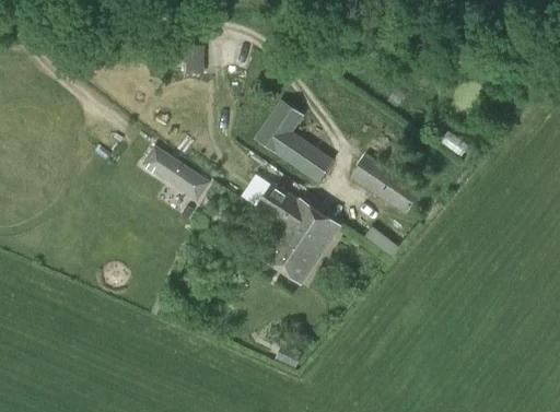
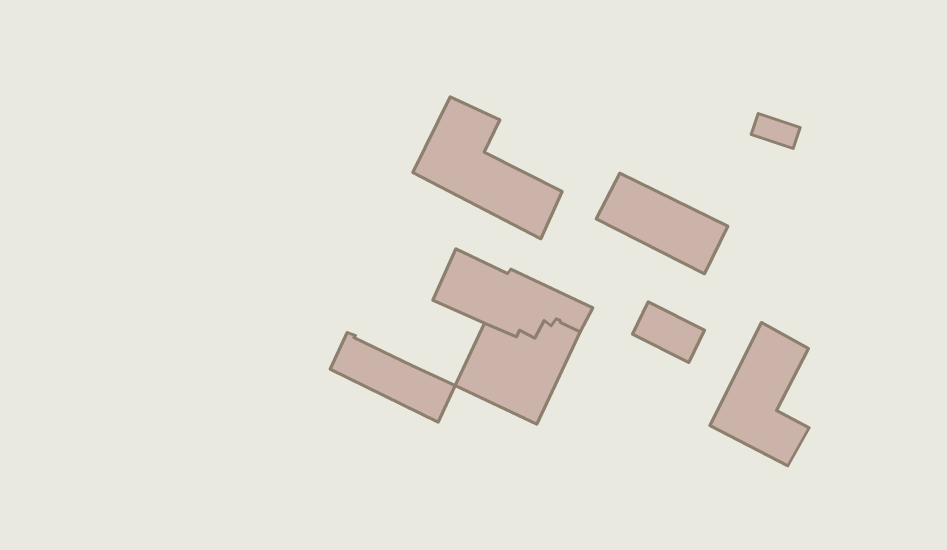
building: [184,45,207,73] -> none
building: [143,146,210,202] -> [330,333,455,422]
building: none -> [710,322,809,466]

